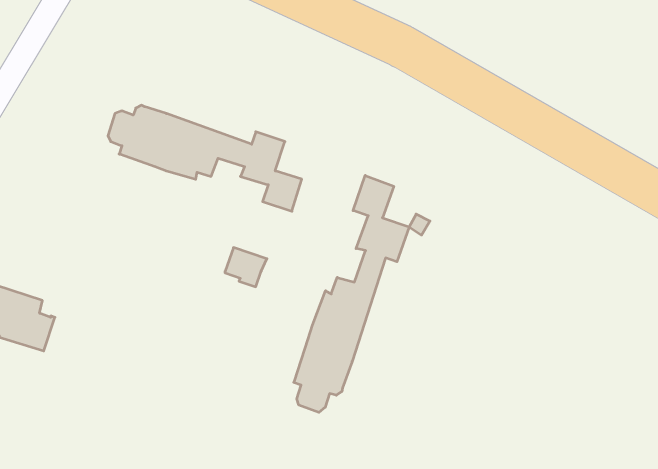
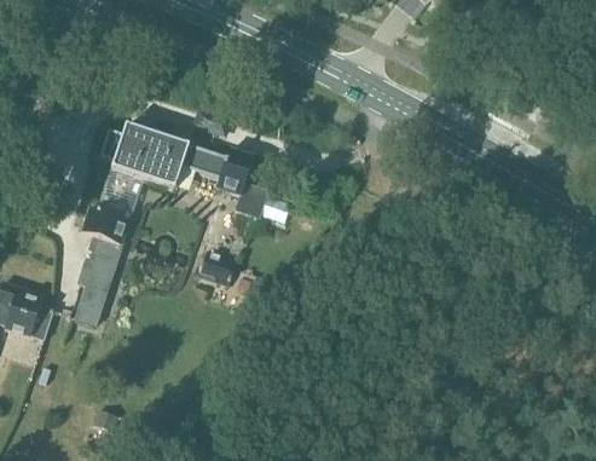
building: none -> [74,167,141,323]
building: [294,175,409,412] -> none

